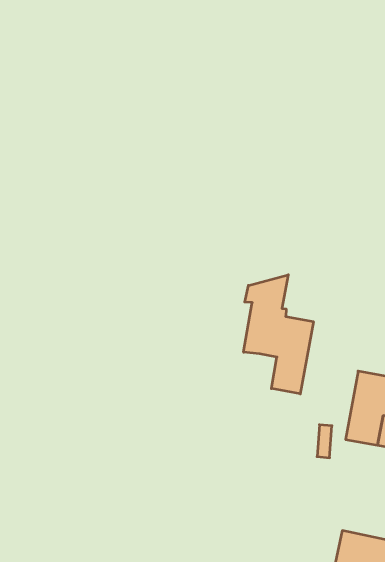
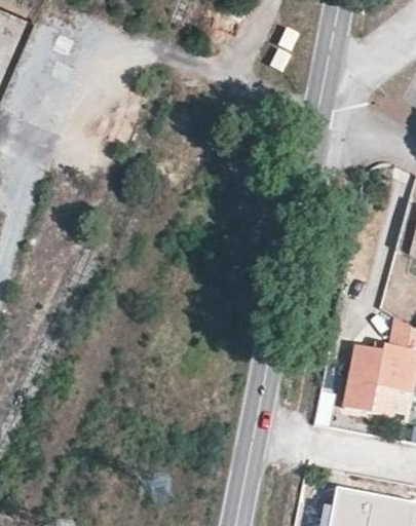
building: [244,275,313,394] -> none

